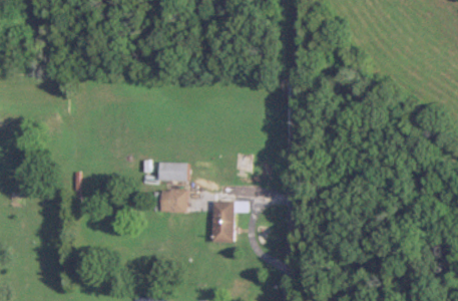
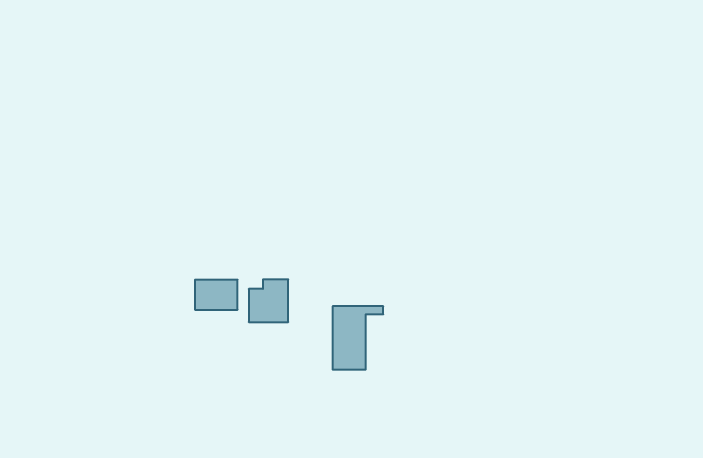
building: [159,162,186,181] -> [195,280,238,310]

